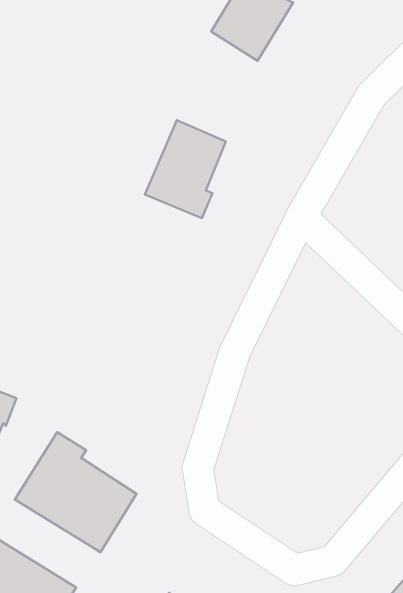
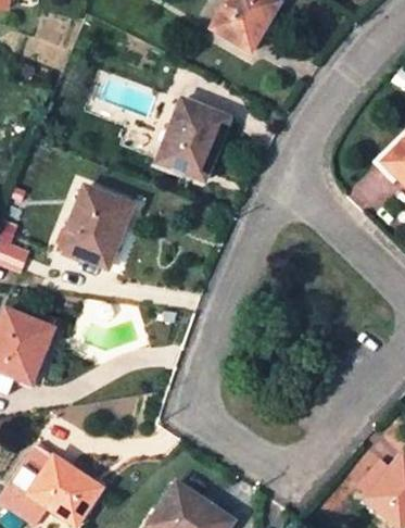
building: none -> [62,187,131,265]
building: [15,432,137,552] -> none

